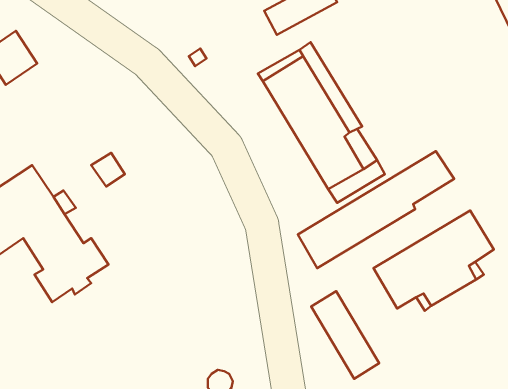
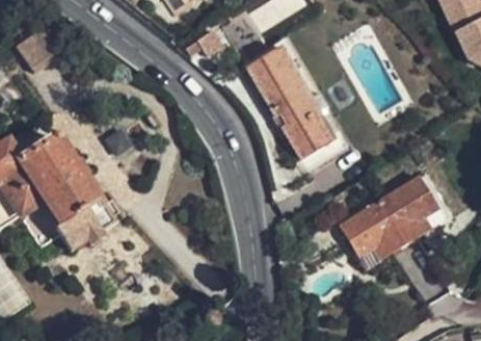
building: [298,151,454,268] -> none
building: [311,291,379,379] -> none

